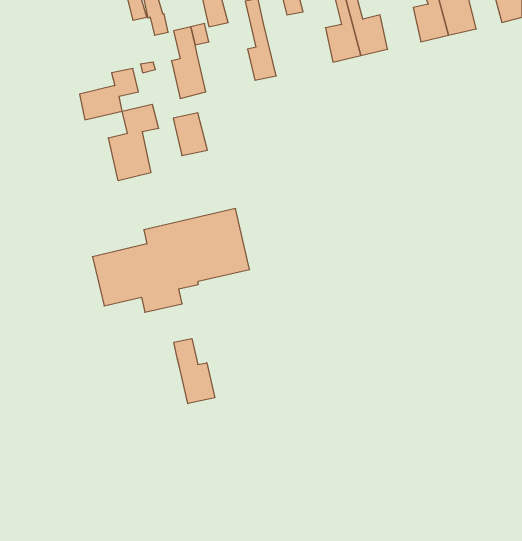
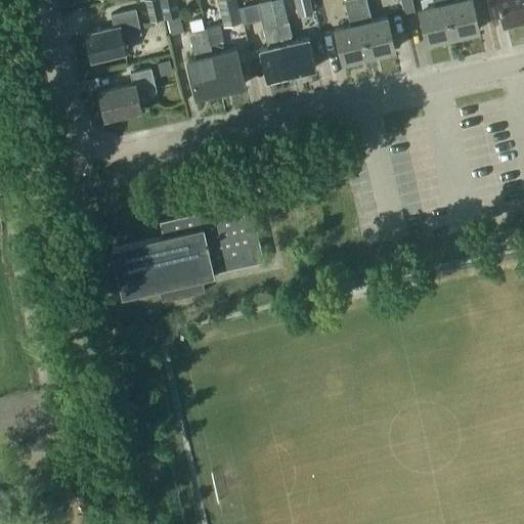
building: none -> [86,11,141,63]
building: none -> [275,25,315,78]
building: [108,104,159,181] -> none
building: [173,113,207,156] -> [212,52,245,93]
building: [174,339,215,404] -> none

